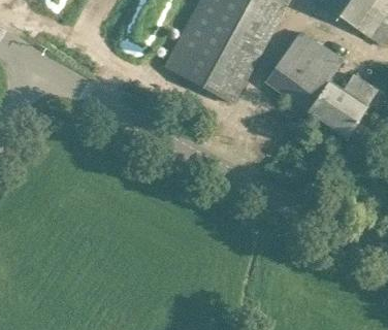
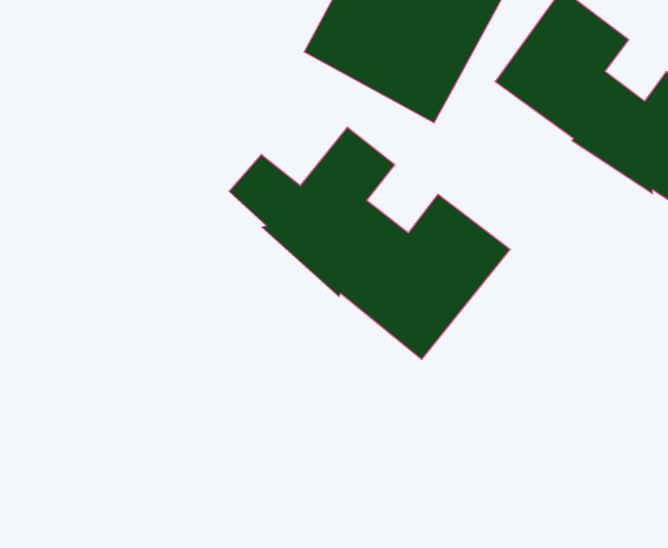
building: none -> [229,127,510,359]

